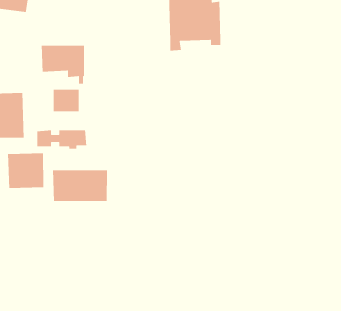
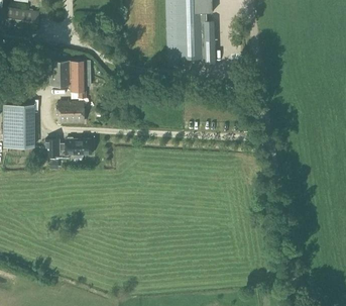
building: [7,152,44,189] -> none
building: [52,170,108,202] -> none

